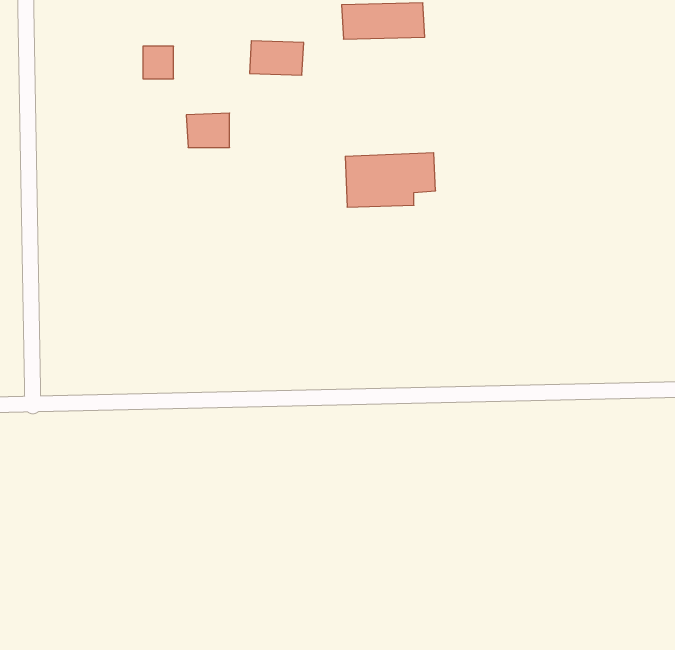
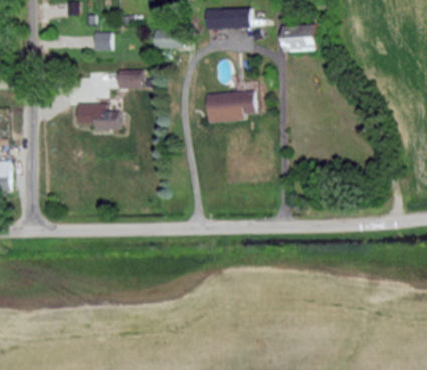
building: none -> [284,24,318,51]
building: none -> [76,103,120,129]

